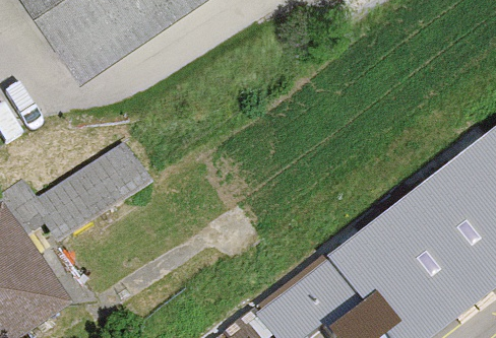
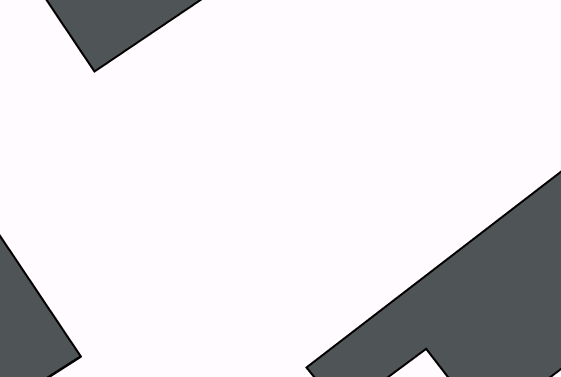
building: [37,144,147,242] -> none

